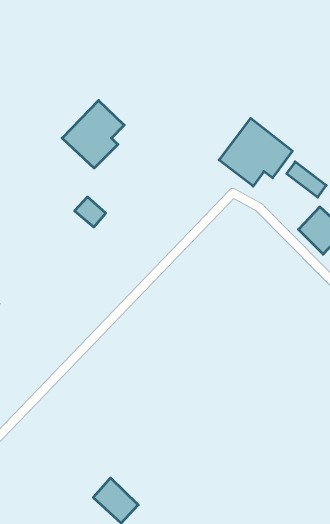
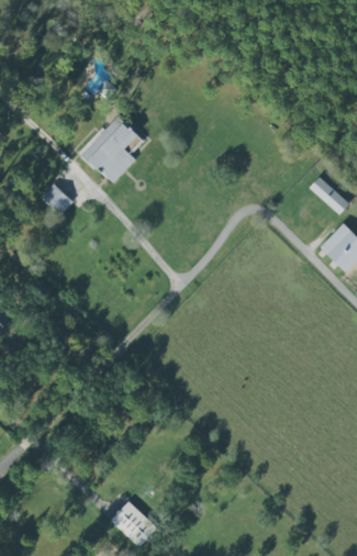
building: [219,118,292,186] -> none
building: [75,197,106,227] -> [41,184,72,214]

